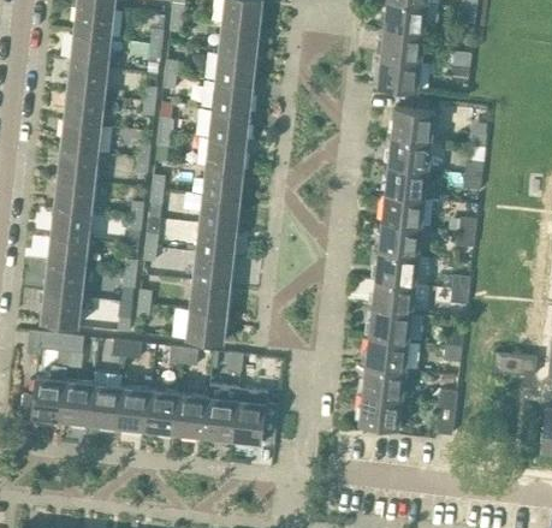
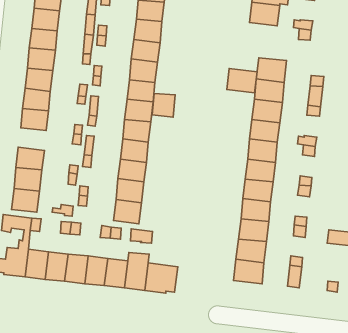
building: [376,58,420,93] -> [227,68,257,93]
building: none -> [152,93,175,117]
building: [51,208,90,241] -> none

